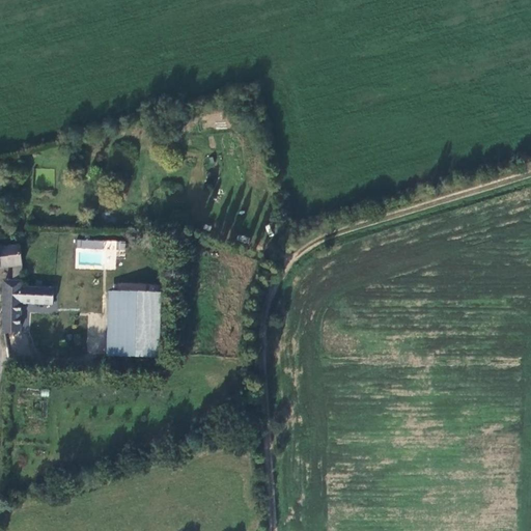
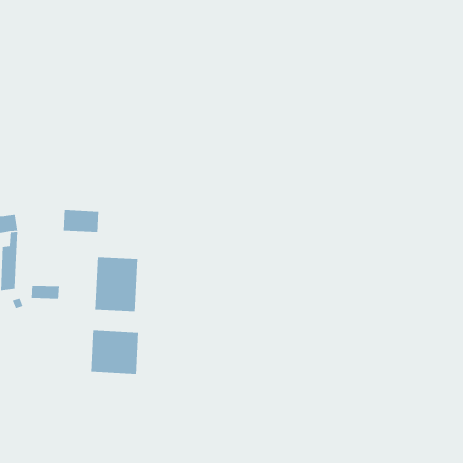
building: [19,286,52,303] -> [31,285,60,300]
building: none -> [90,330,139,375]

